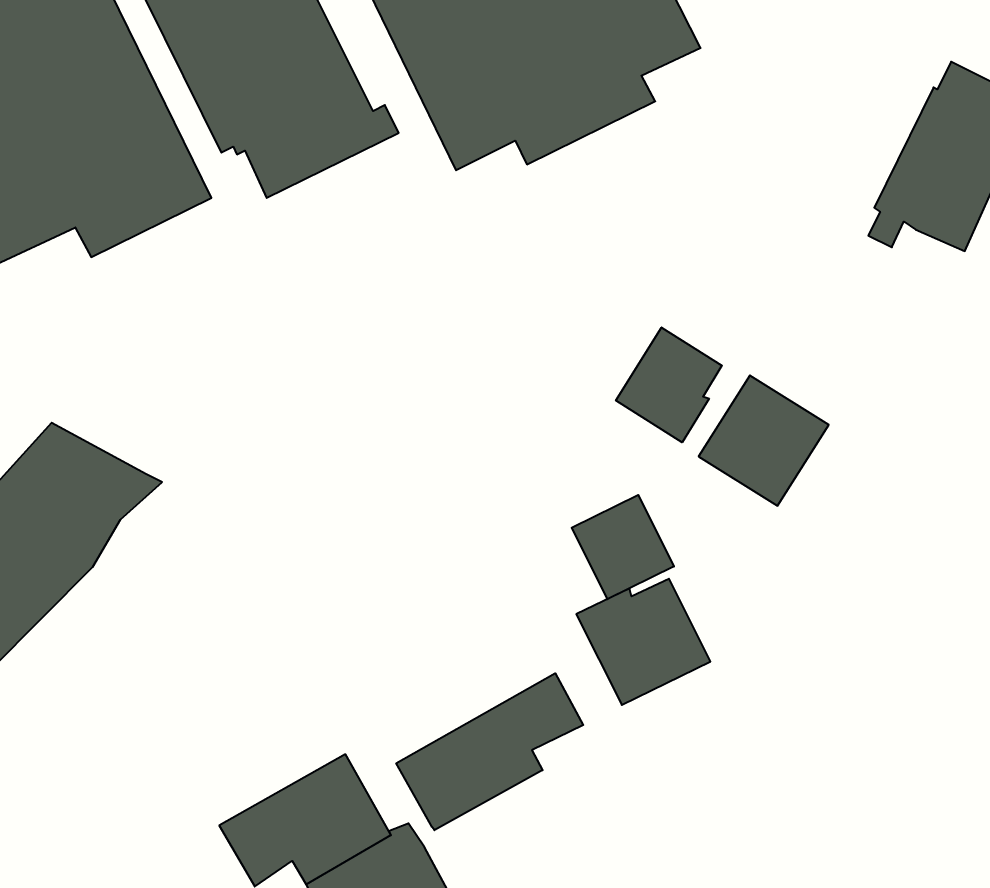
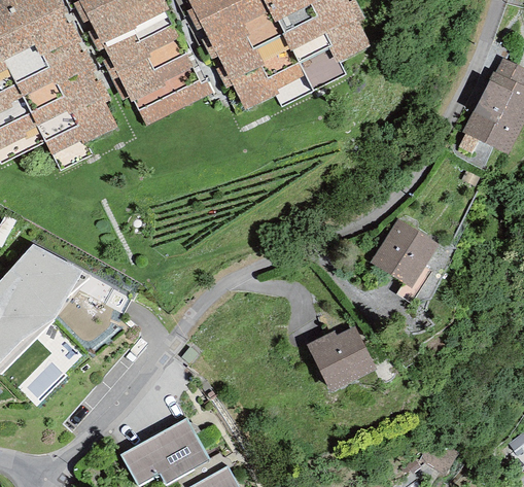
building: [616,327,722,442] -> none
building: [572,495,674,599] -> none
building: [396,673,583,830] -> none

